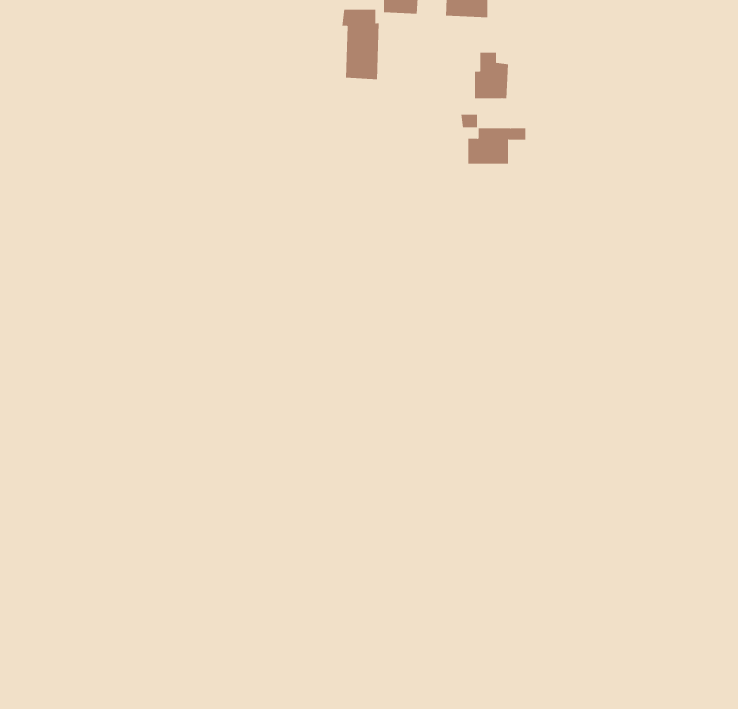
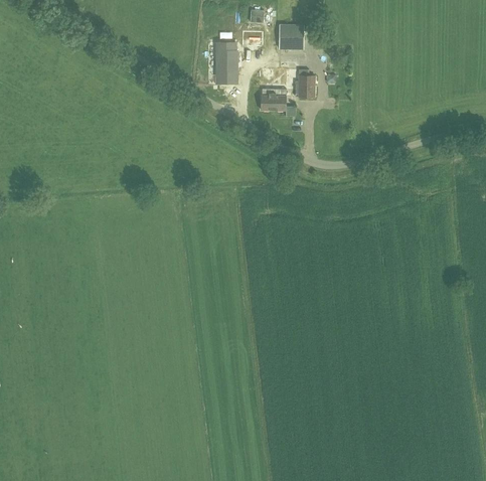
building: [467,128,526,164] -> [260,88,294,109]

